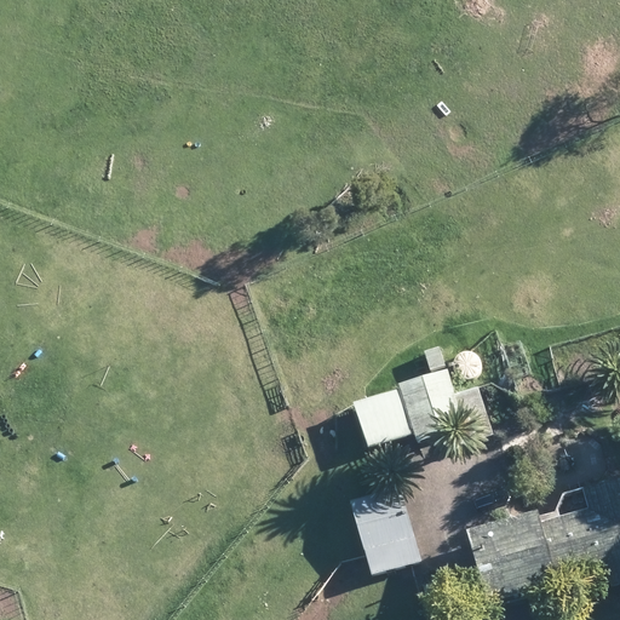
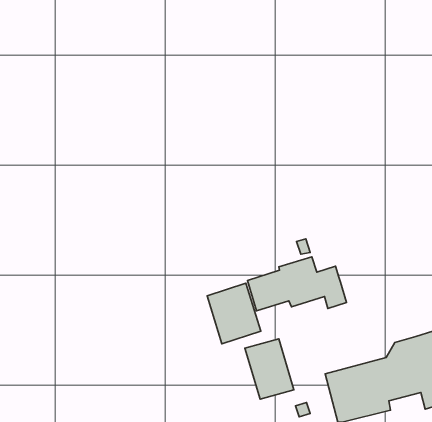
building: none -> [207,283,261,344]

